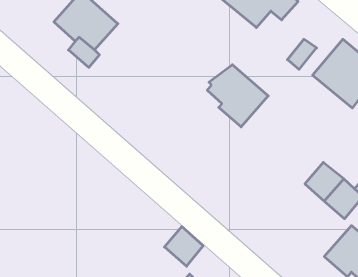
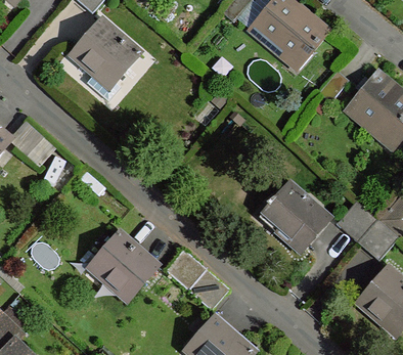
building: [207,65,268,127] -> [264,184,328,250]
building: none -> [93,232,158,299]
building: none -> [165,248,207,290]

